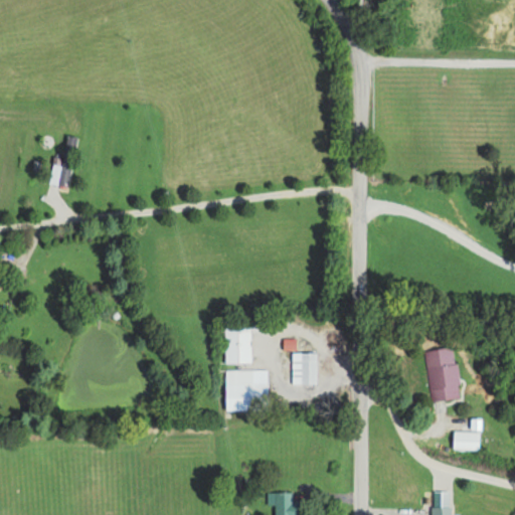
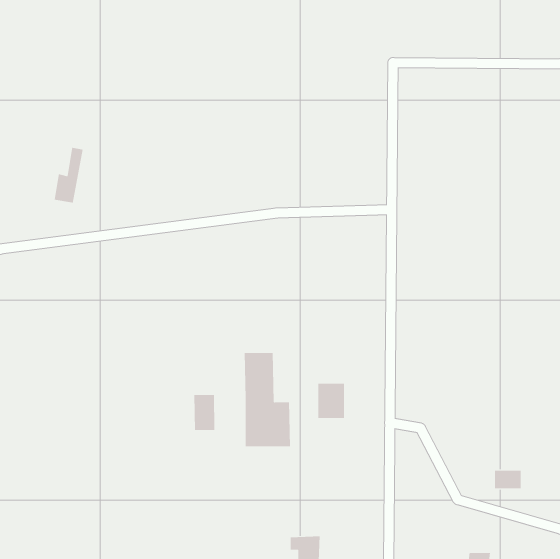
building: [424,348,460,402] -> none
building: none -> [194,394,215,431]

